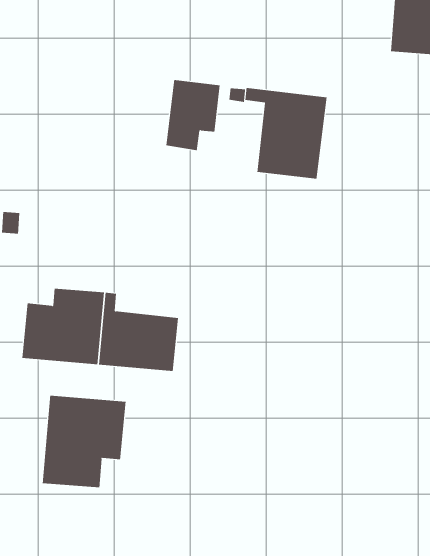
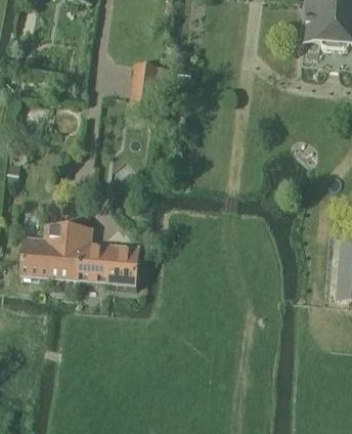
building: [245,87,327,179] -> none
building: [42,395,126,488] -> none

